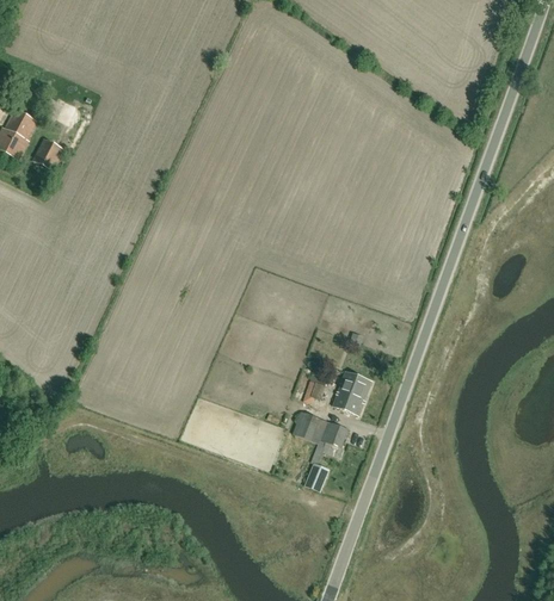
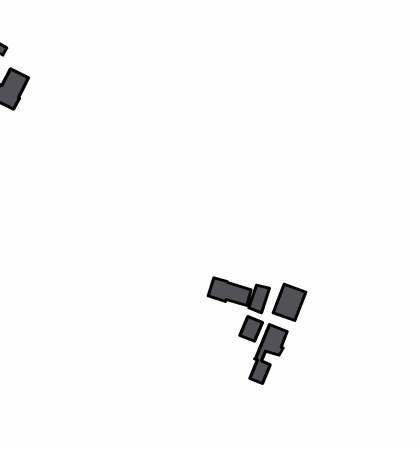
building: [32,138,62,169] -> none
building: none -> [208,278,251,306]

